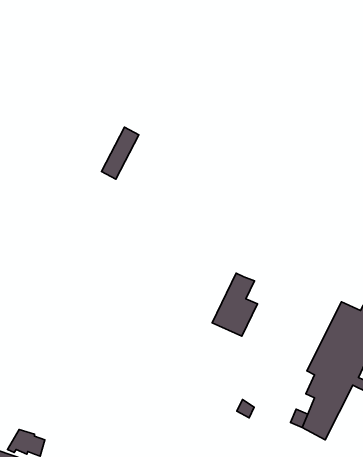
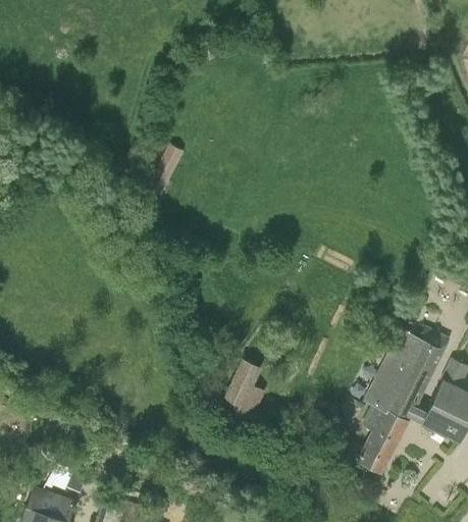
building: [212,273,257,336] -> [216,359,264,426]

